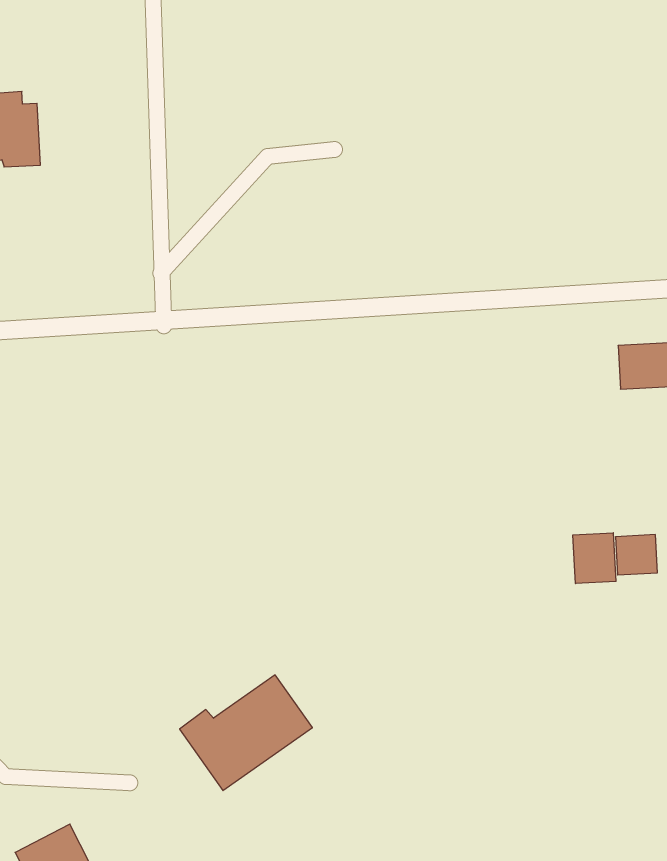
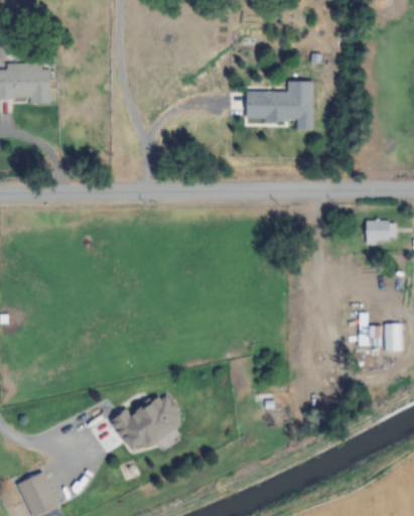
building: none -> [247,80,313,129]
building: [573,533,616,584] -> none

